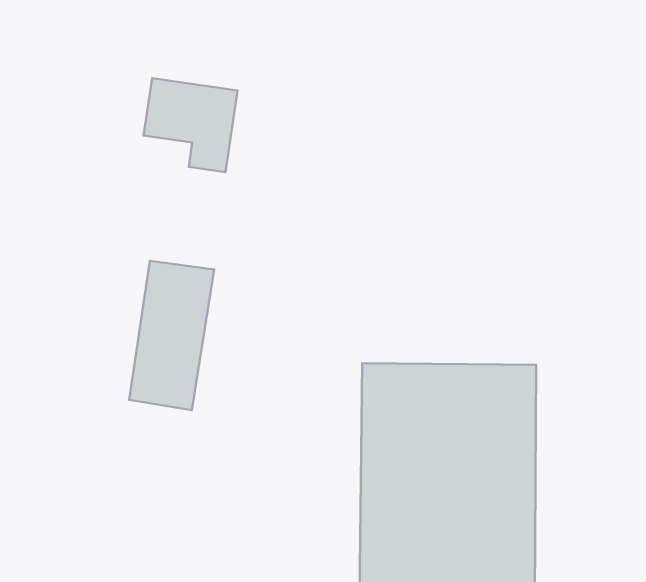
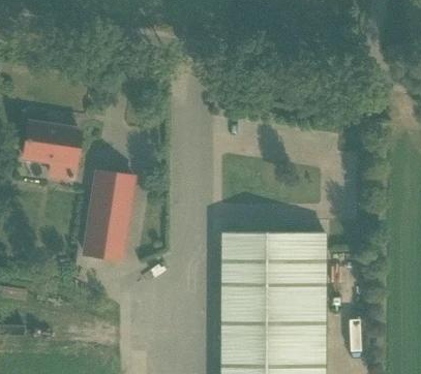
building: [144,78,238,172] -> [25,124,81,180]

